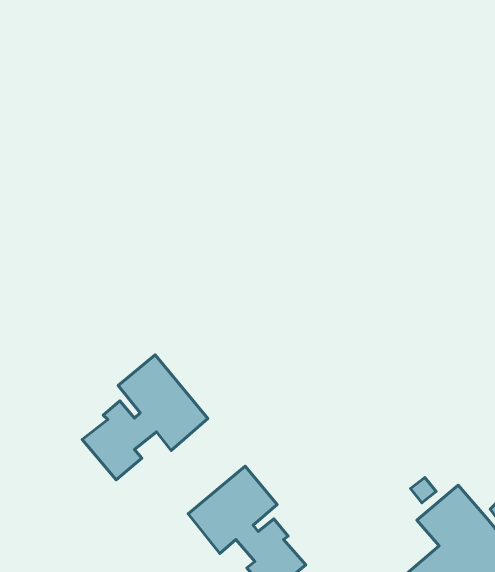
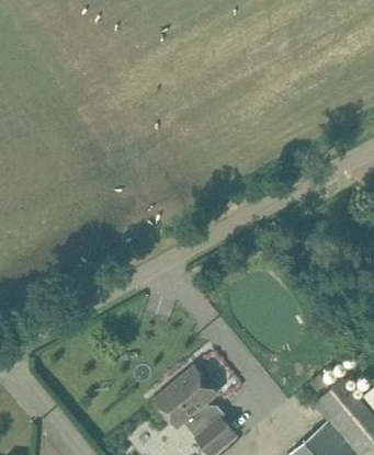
building: [82,355,208,480] -> none

